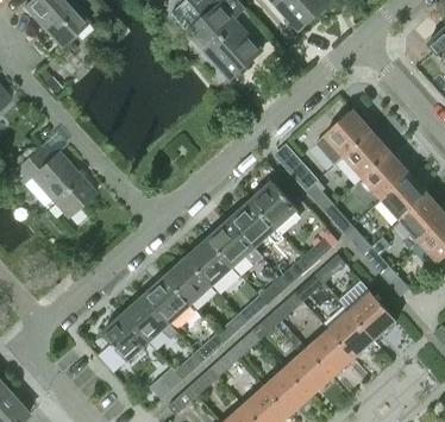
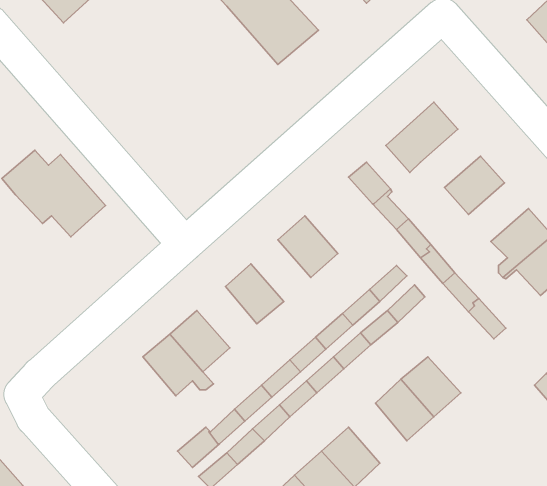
building: [343,131,390,177] -> none
building: [381,174,428,220] -> none
building: [251,181,299,229] -> none
building: [208,219,264,267] -> none
building: [165,256,213,304] -> none
building: [349,291,396,340] -> none
building: [101,311,149,361] -> none
building: [286,348,332,396] -> none

